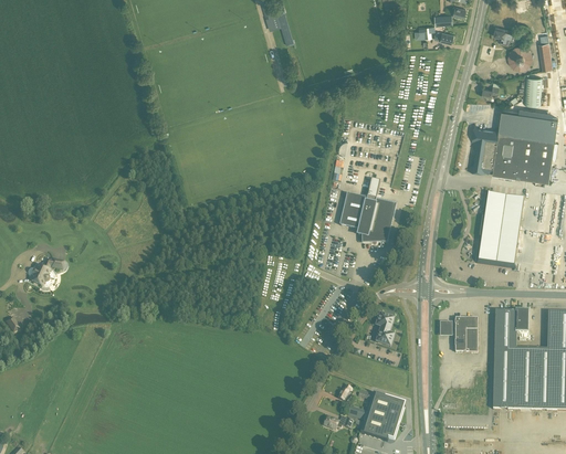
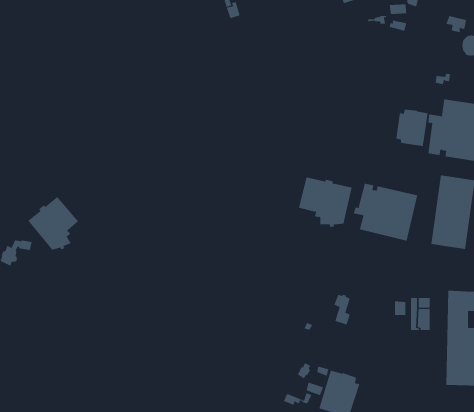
building: none -> [396,109,428,147]
building: none -> [353,183,418,241]
building: none -> [27,196,79,250]

